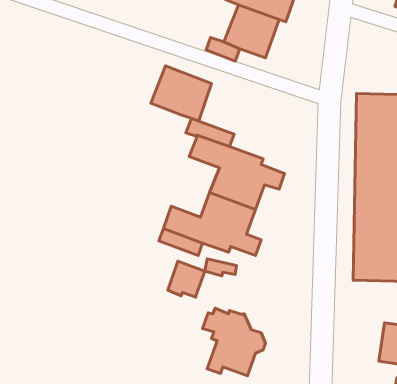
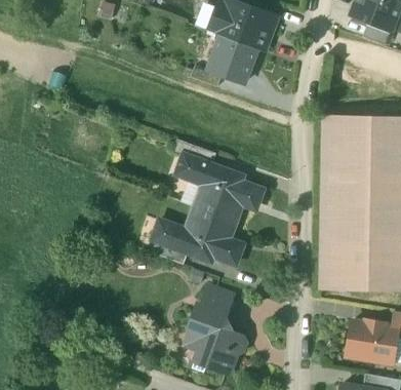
building: [151,66,212,121] -> none
building: [168,261,205,297] -> [199,285,233,318]

